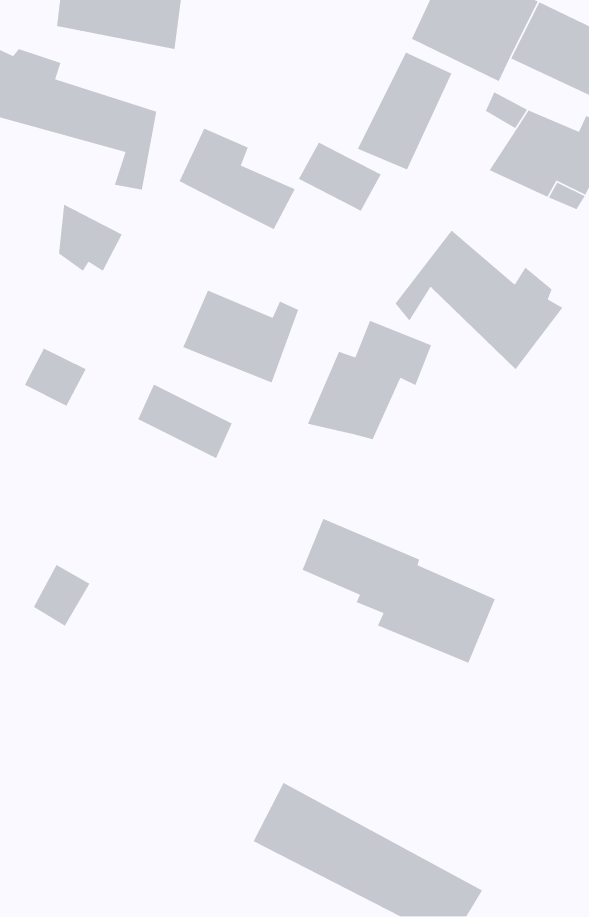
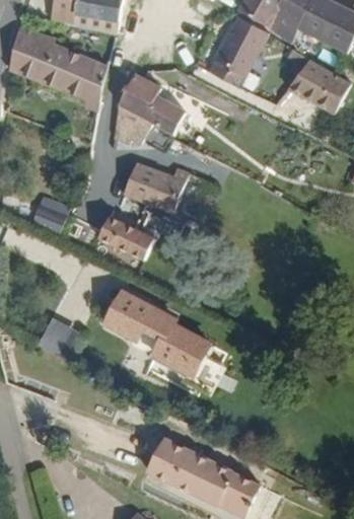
building: [298,141,382,212] -> none
building: [58,203,123,272] -> [114,103,150,142]
building: [394,229,563,370] -> none
building: [307,320,432,440] -> none
building: [301,518,496,664] -> [100,293,210,375]

